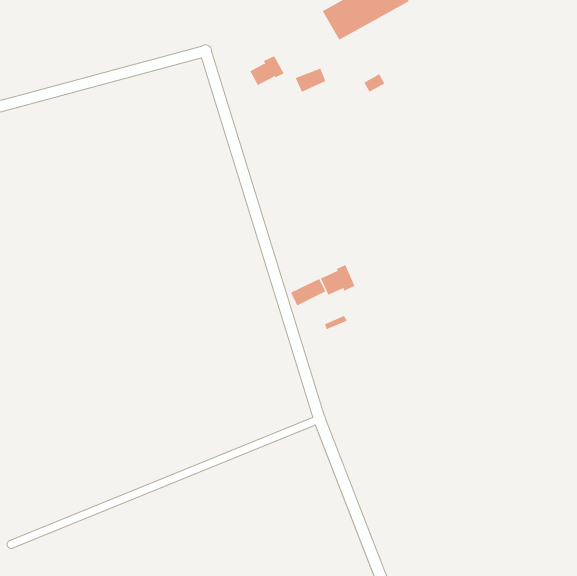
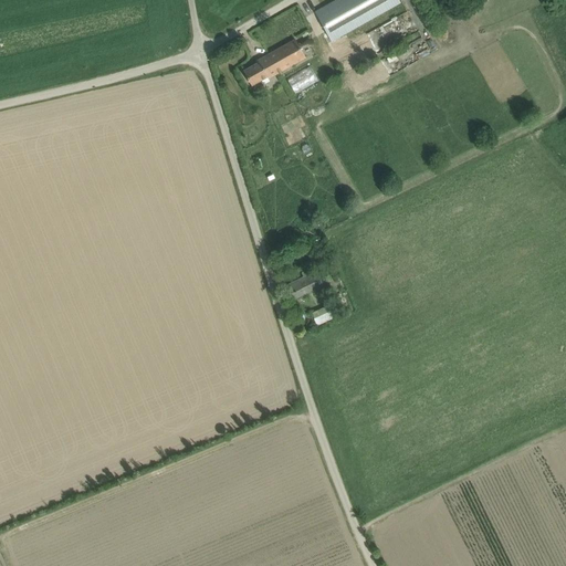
building: none -> [269,39,305,72]
building: [320,264,355,296] -> none

